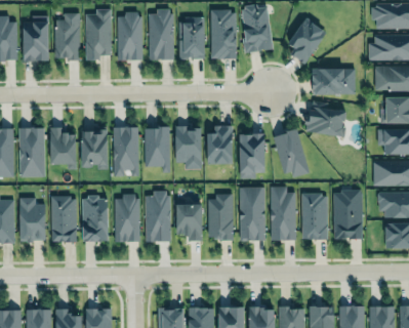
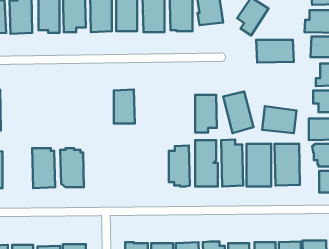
building: [306,105,346,136] -> [262,106,296,133]
building: [207,125,233,163] -> none
building: [16,126,42,175] -> none
building: [83,126,109,169] -> none
building: [175,126,202,169] -> none
building: [51,127,77,168] -> none
building: [114,127,138,175] -> none
building: [146,190,170,242] -> none
building: [115,193,141,242] -> none
building: [19,198,46,242] -> none
building: [177,205,202,241] -> none

